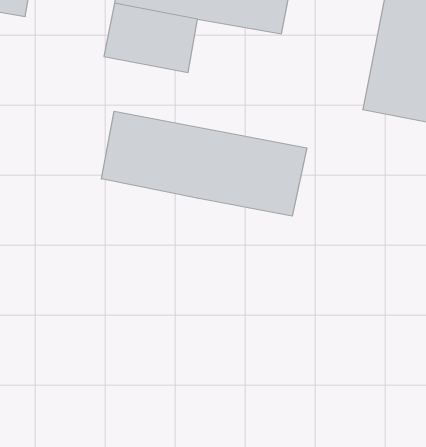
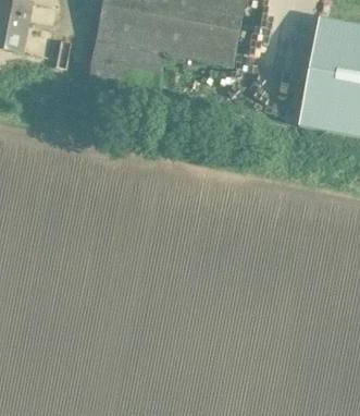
building: [101,111,307,216] -> none

